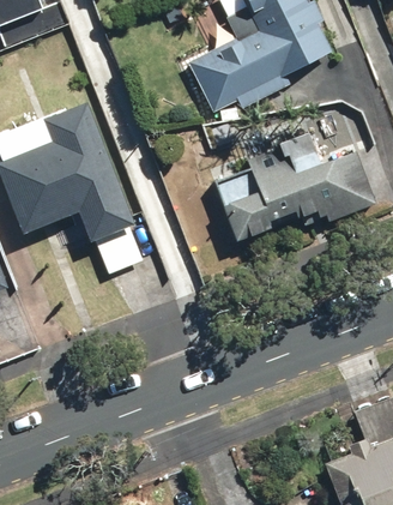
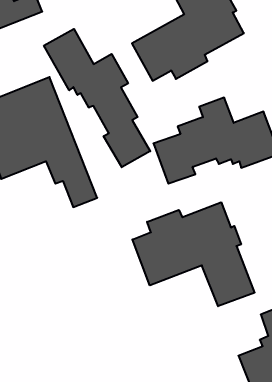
building: none -> [44,29,150,167]
building: none -> [132,202,255,306]

